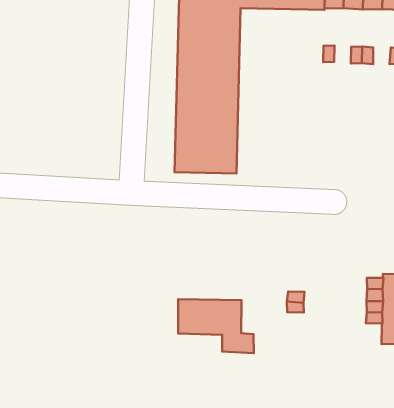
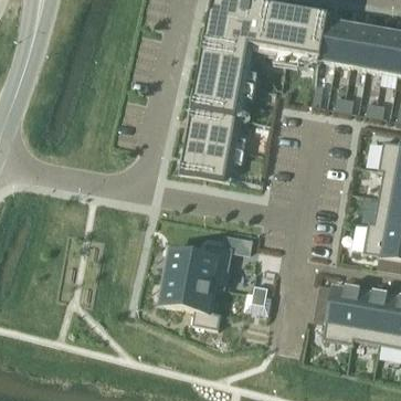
building: none -> [167,240,235,284]

